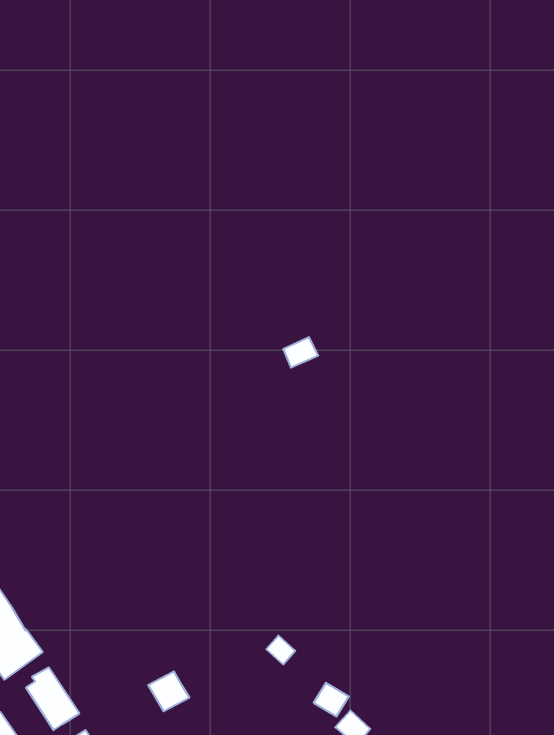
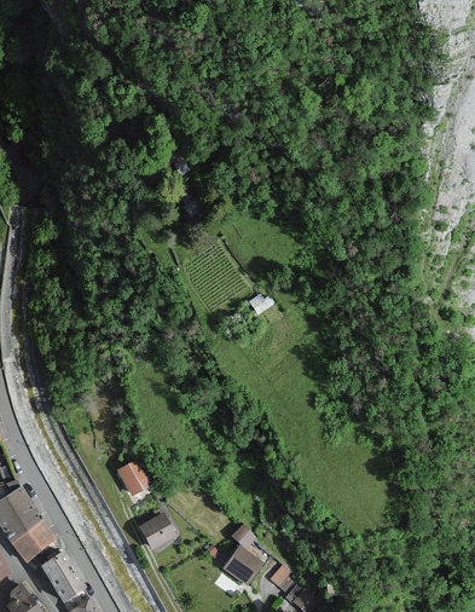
building: none -> [118,461,152,497]
building: none -> [225,548,261,584]
building: [148,671,189,711] -> [141,516,174,548]

